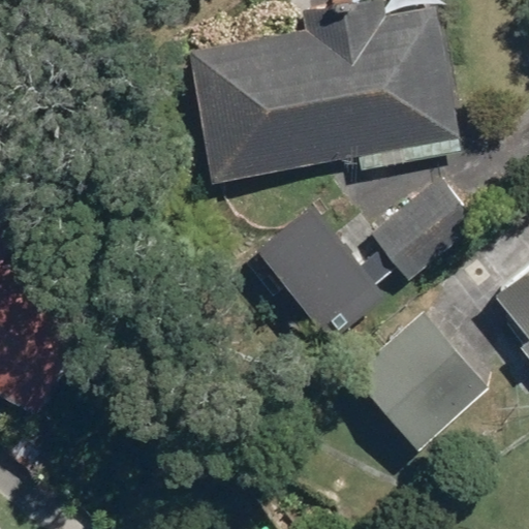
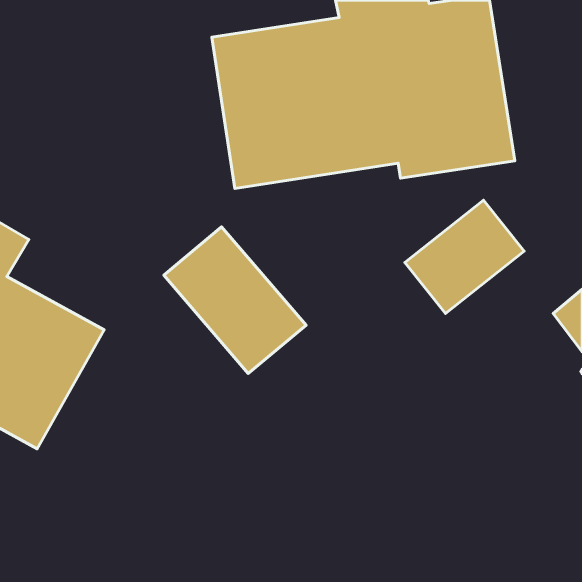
building: [249,217,376,348] -> [164,227,306,374]
building: [355,314,486,445] -> none

